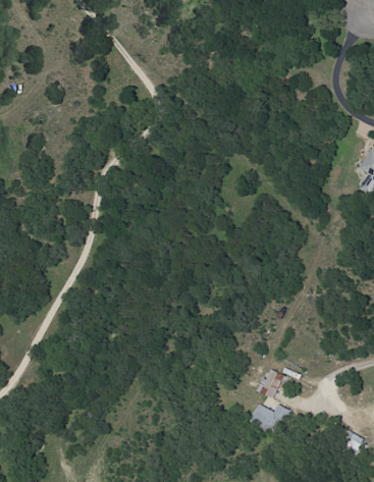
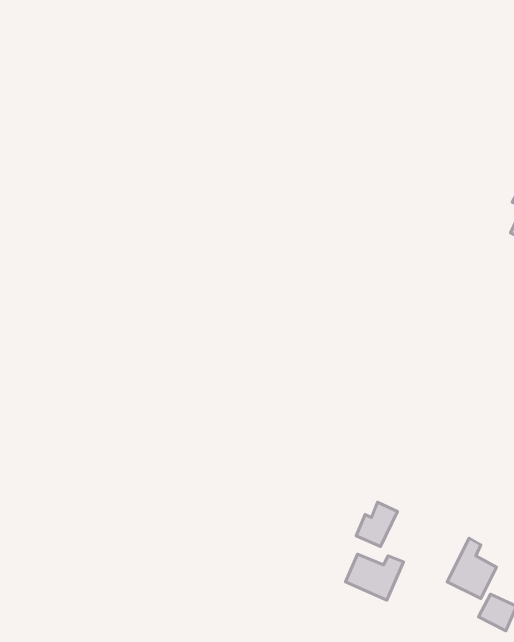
building: none -> [447,538,496,599]

